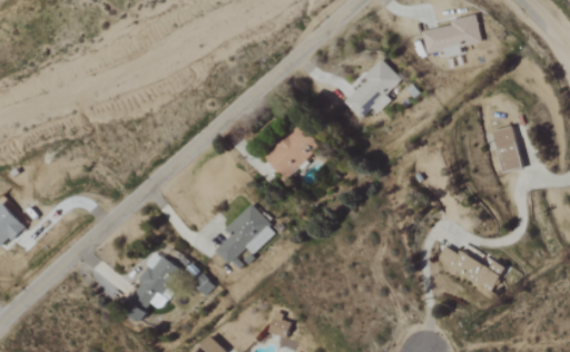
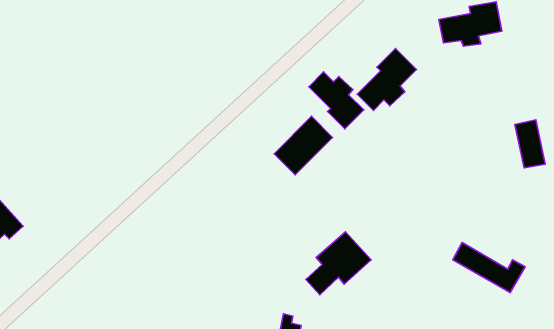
building: none -> [309,72,364,129]
building: [213,205,275,265] -> [306,232,371,295]
building: [126,253,183,314] -> none

